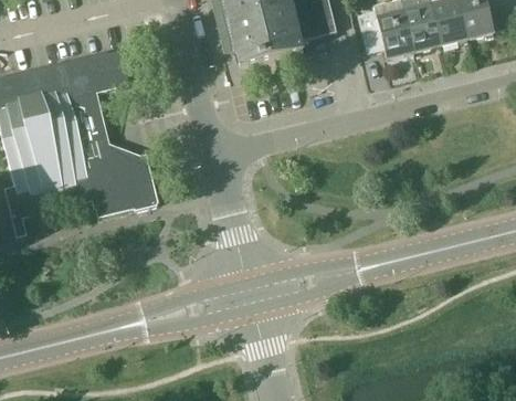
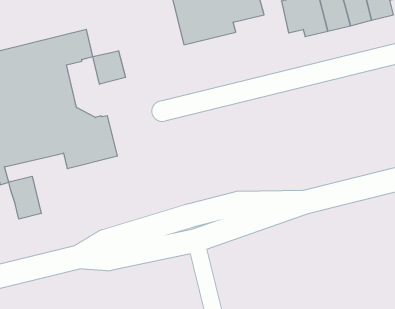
building: none -> [93,51,126,84]
building: none -> [9,176,41,219]

